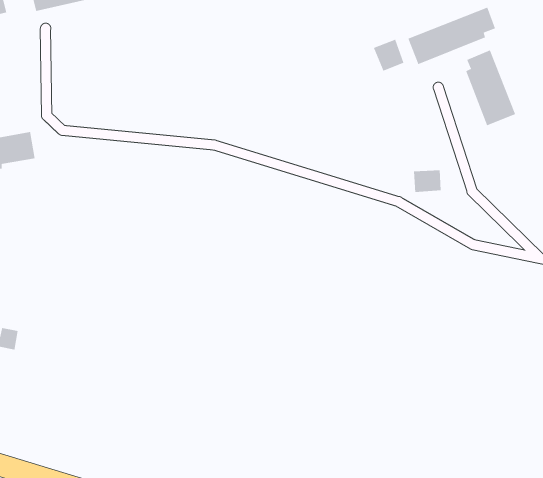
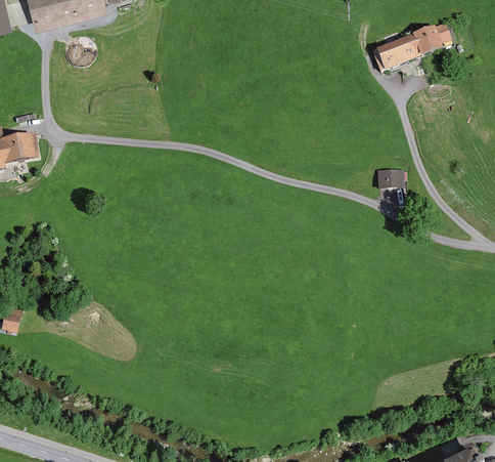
building: [373,39,404,72] -> none
building: [466,50,516,126] -> none

